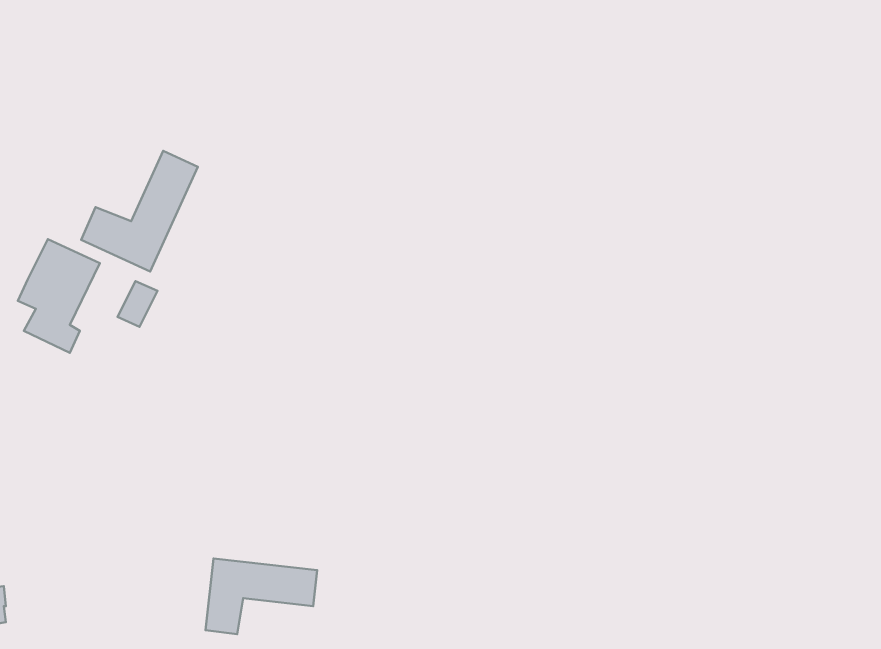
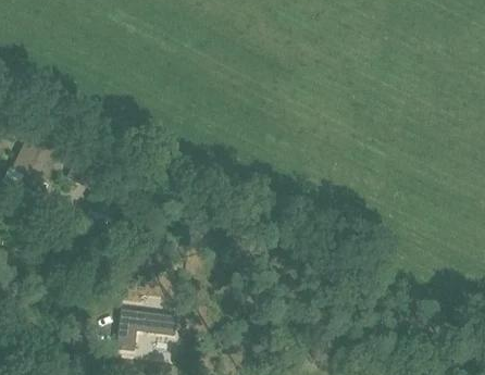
building: [81,151,198,271] -> none

